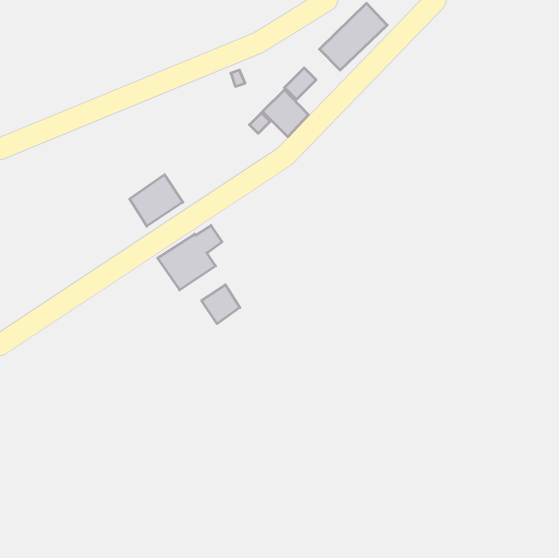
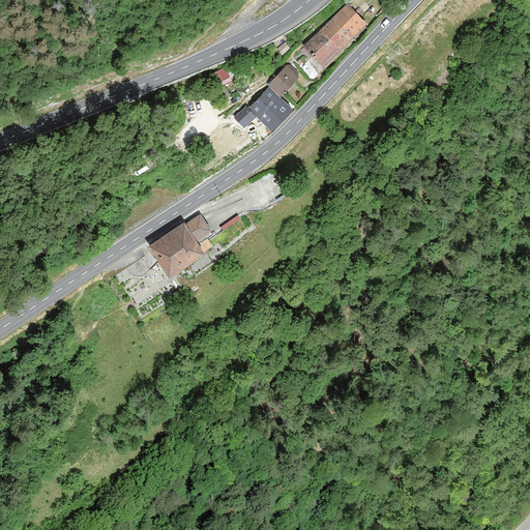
building: [130,175,183,226] -> none
building: [202,285,240,324] -> none

